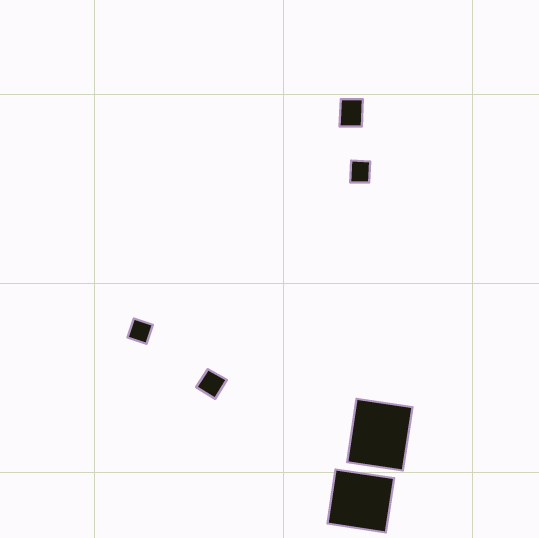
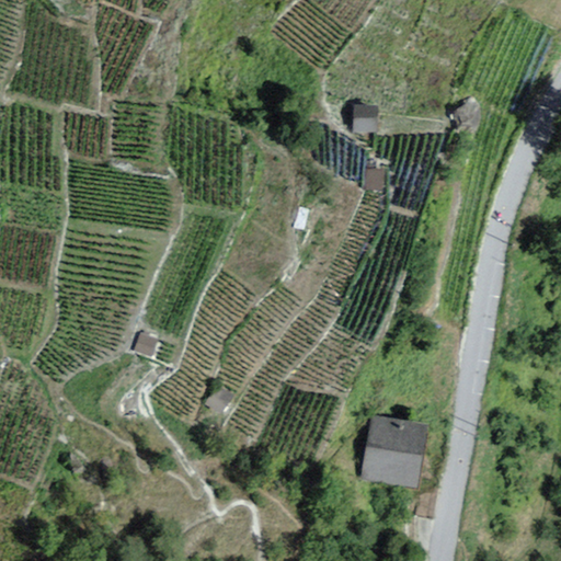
building: [328,470,394,532] -> none

